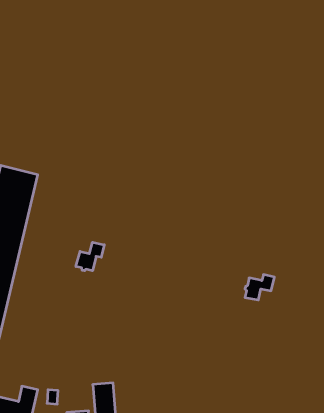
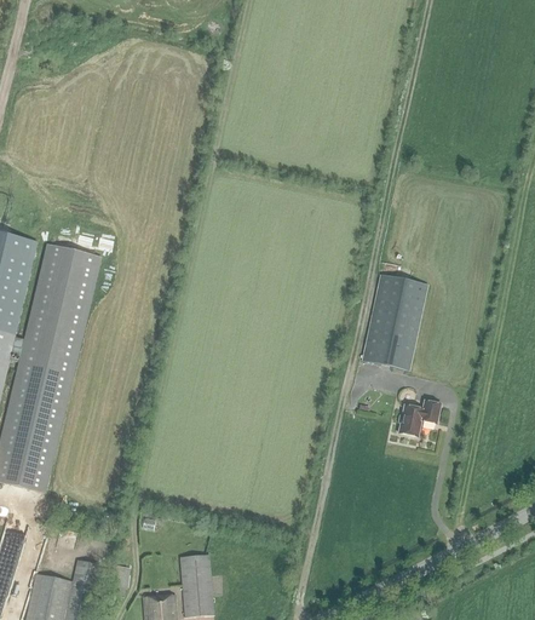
building: none -> [361,272,426,369]
building: [76,242,104,271] -> none

